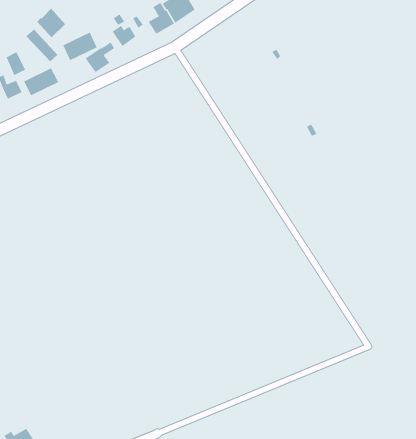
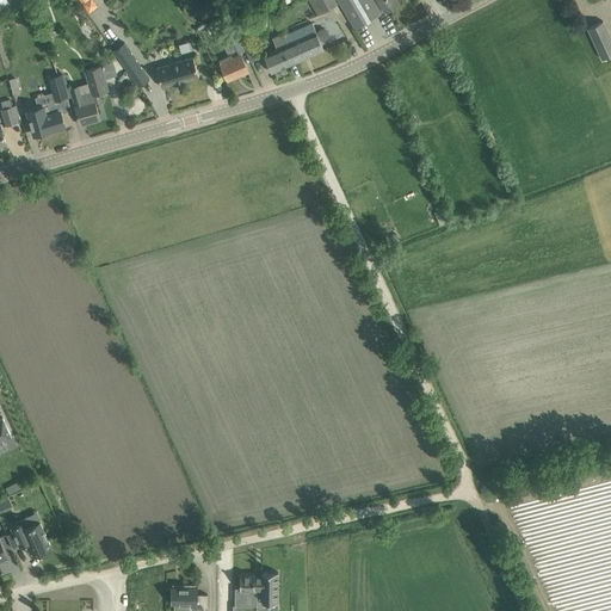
building: [36,8,66,38] -> none
building: [85,42,115,73] -> none
building: [23,68,59,96] -> none

